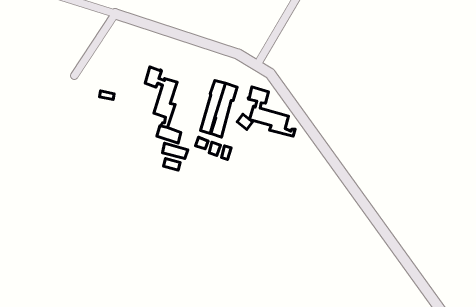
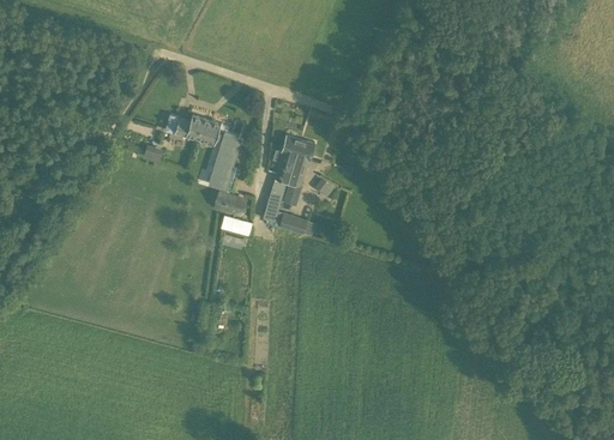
building: none -> [164,114,205,139]
building: [248,87,295,136] -> none

